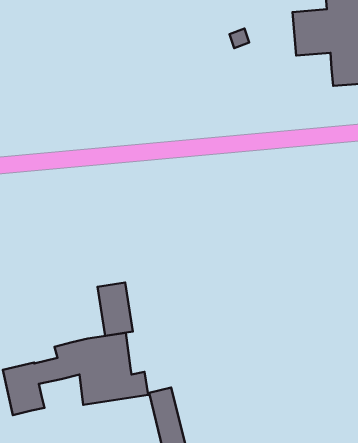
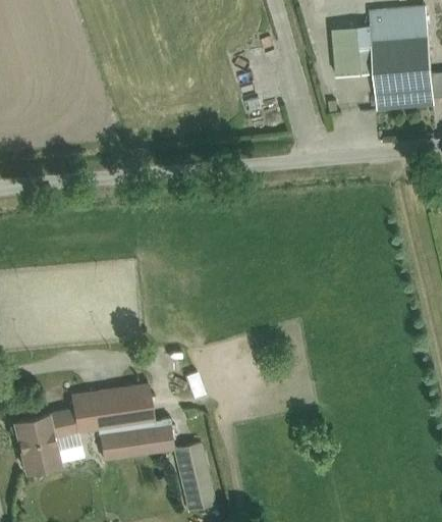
building: [97,282,133,336] -> none

